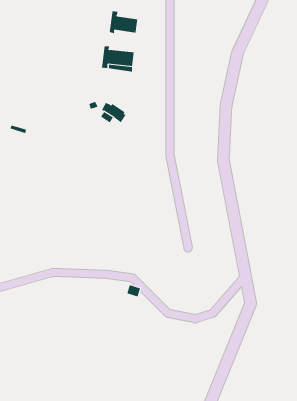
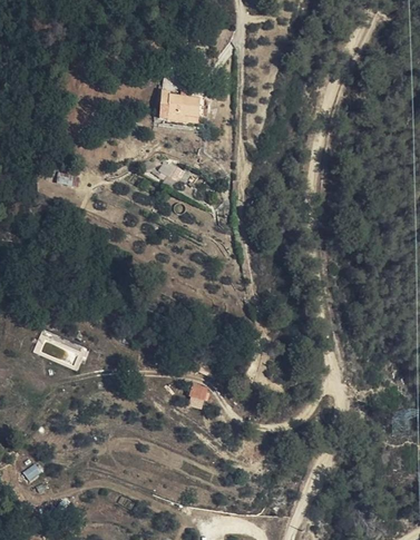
building: [109,11,138,34] -> none

